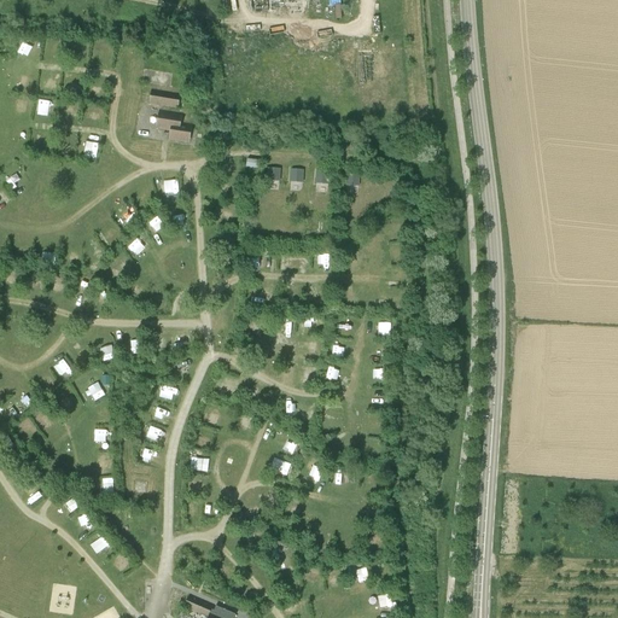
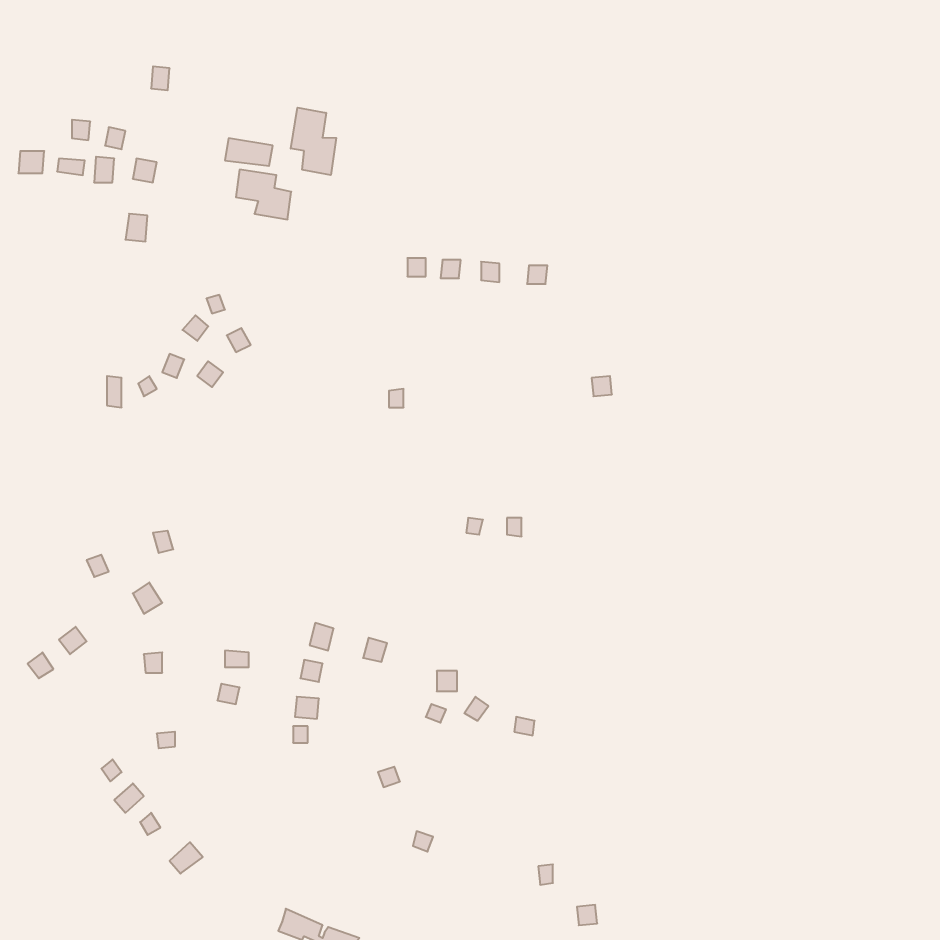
building: none -> [291,108,336,175]

